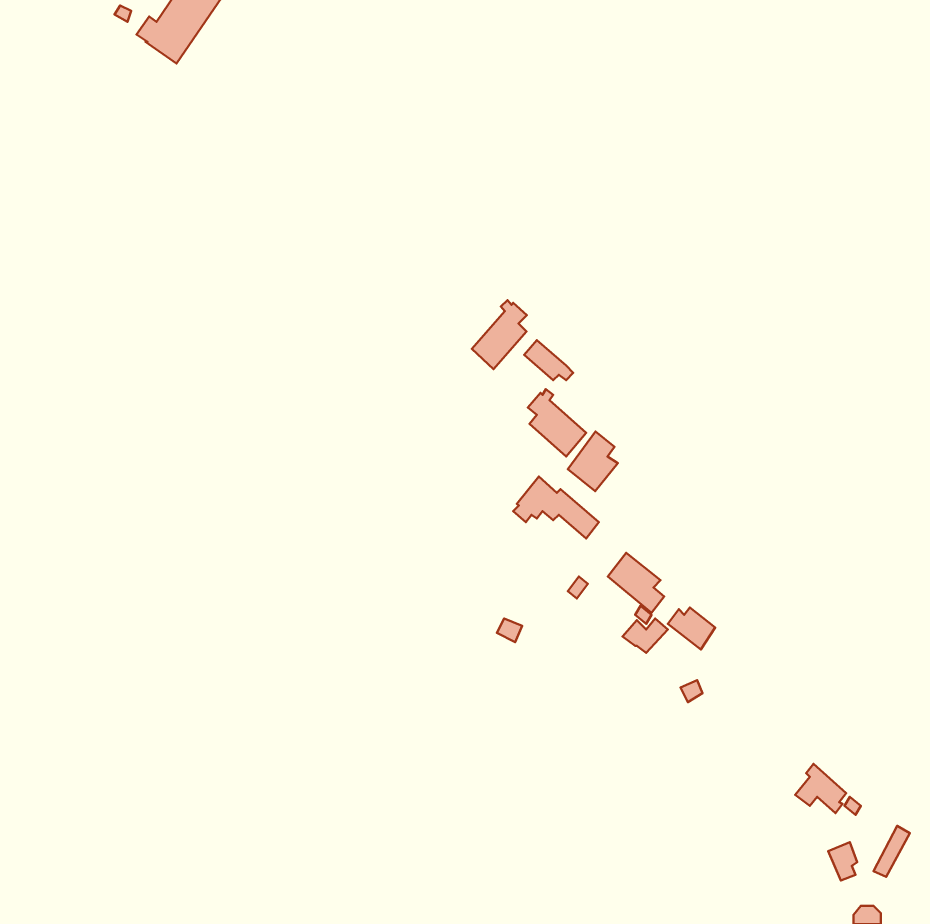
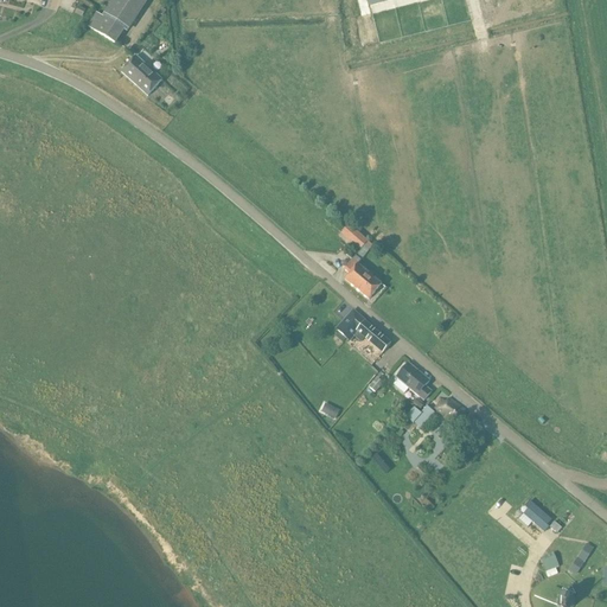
building: none -> [121,53,162,92]
building: [472,300,527,369] -> none
building: [568,432,618,491] -> none

